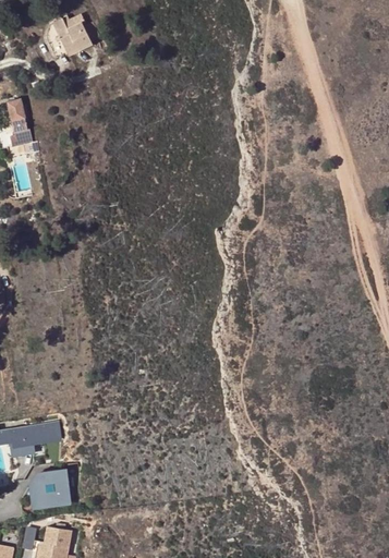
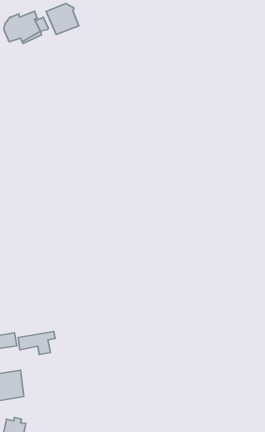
building: none -> [46,4,79,34]
building: none -> [18,331,55,354]

